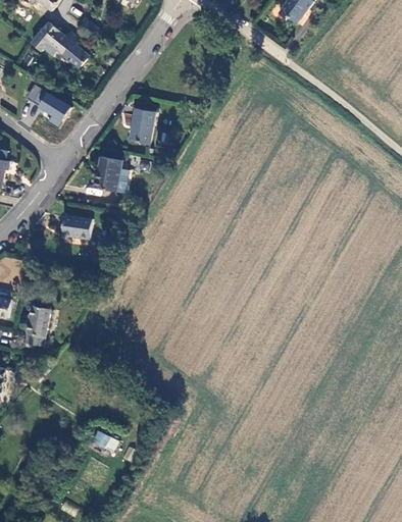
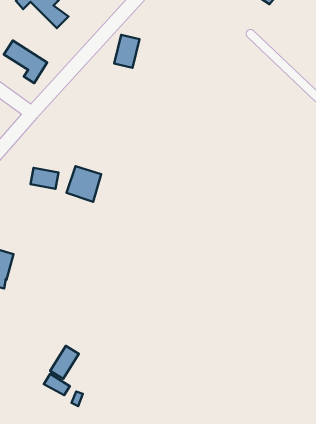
building: [130,109,154,143] -> [114,35,140,68]
building: [95,157,130,193] -> [67,166,101,202]
building: none -> [50,346,79,379]

